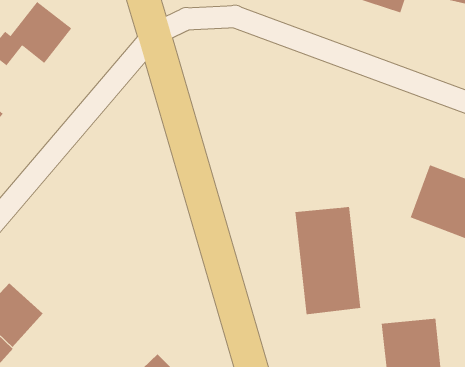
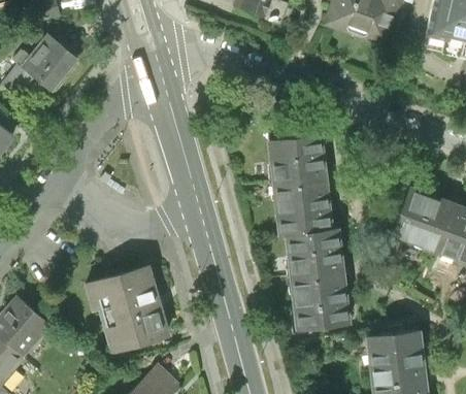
building: none -> [270,134,328,233]
building: none -> [89,266,169,349]

